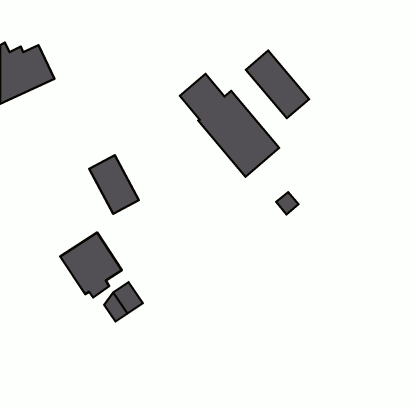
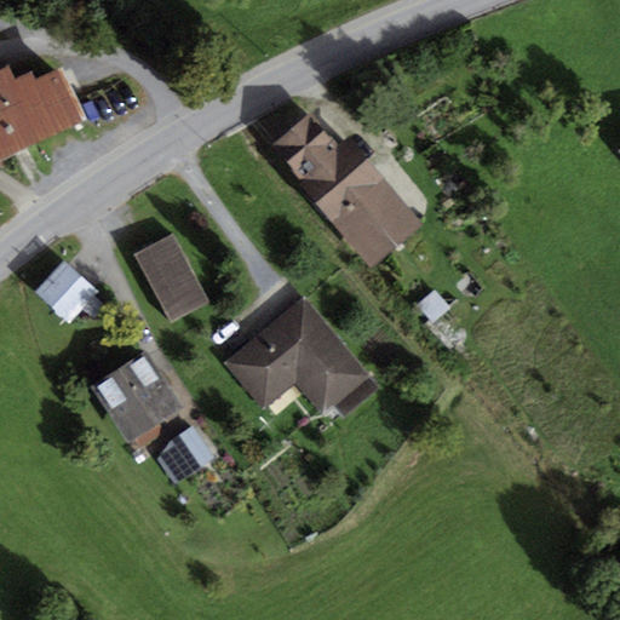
building: [246,51,309,118] -> none
building: none -> [36,260,98,322]
building: none -> [224,295,379,417]

